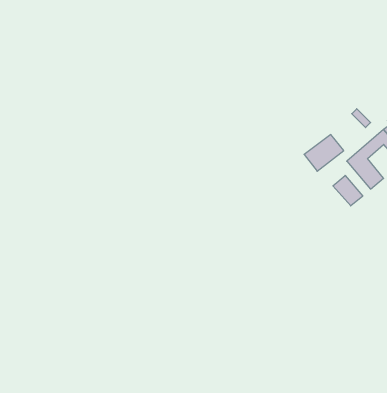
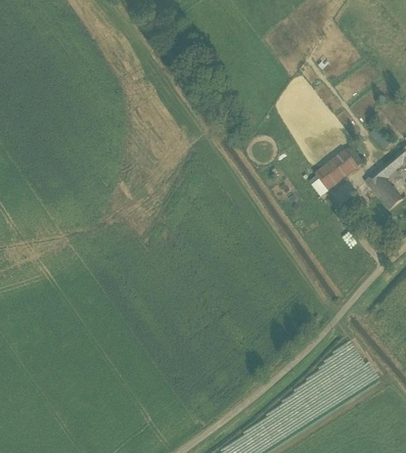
building: [333,175,363,206] -> none

